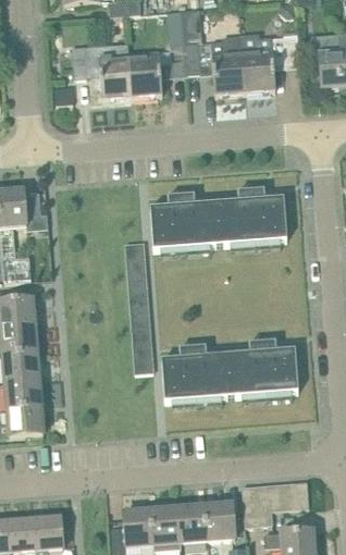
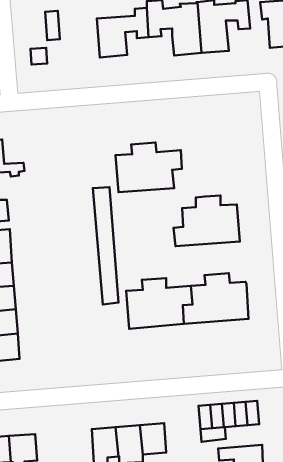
building: [99,54,133,100] -> none
building: [213,187,287,244] -> [173,196,240,246]
building: [205,504,235,539] -> none

